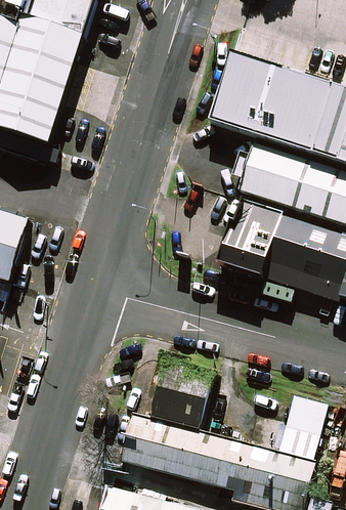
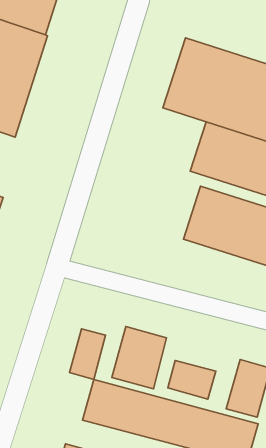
building: none -> [69,329,105,379]
building: none -> [168,360,216,399]

